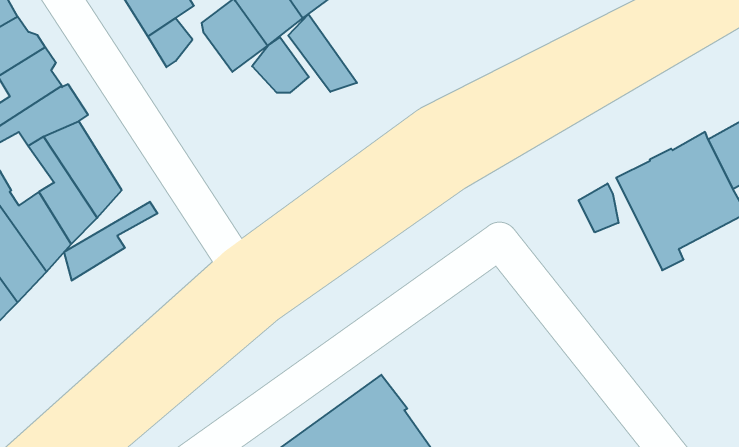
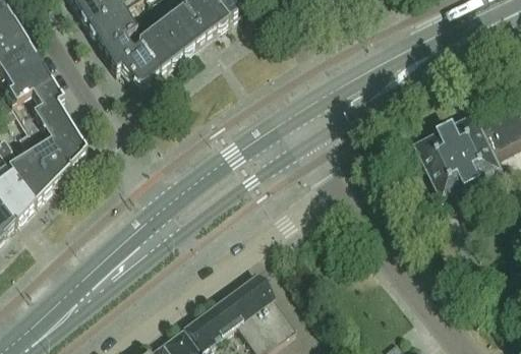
building: [288,14,357,92] -> none
building: [252,37,309,92] -> [123,45,161,81]
building: [579,183,619,232] -> none
building: [64,202,157,281] -> none

